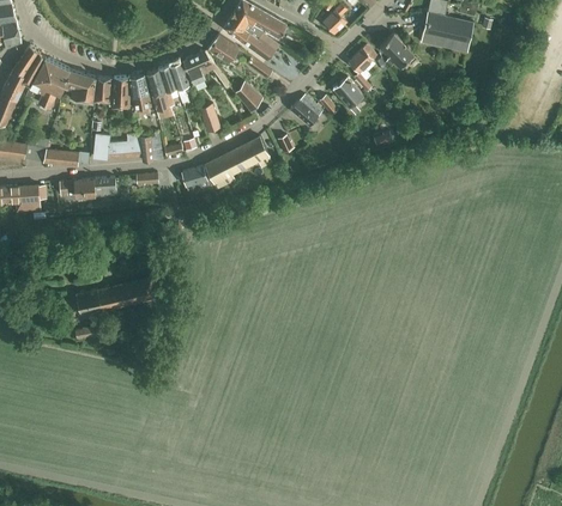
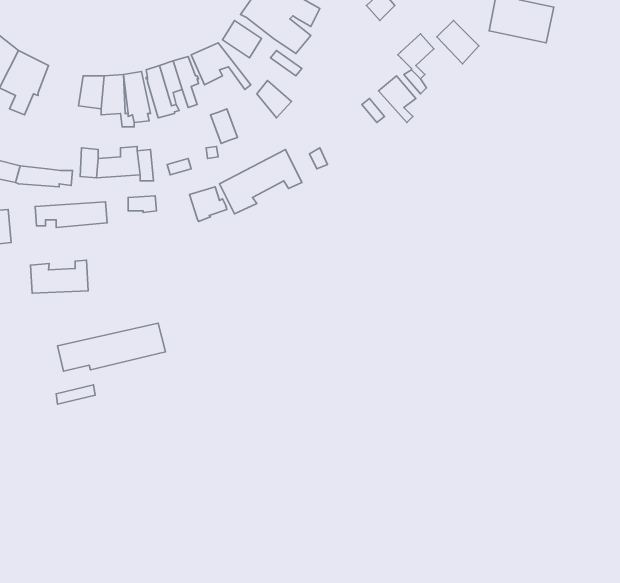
building: [61,69,96,103] -> none
building: [290,95,324,126] -> none
building: none -> [30,260,88,293]

